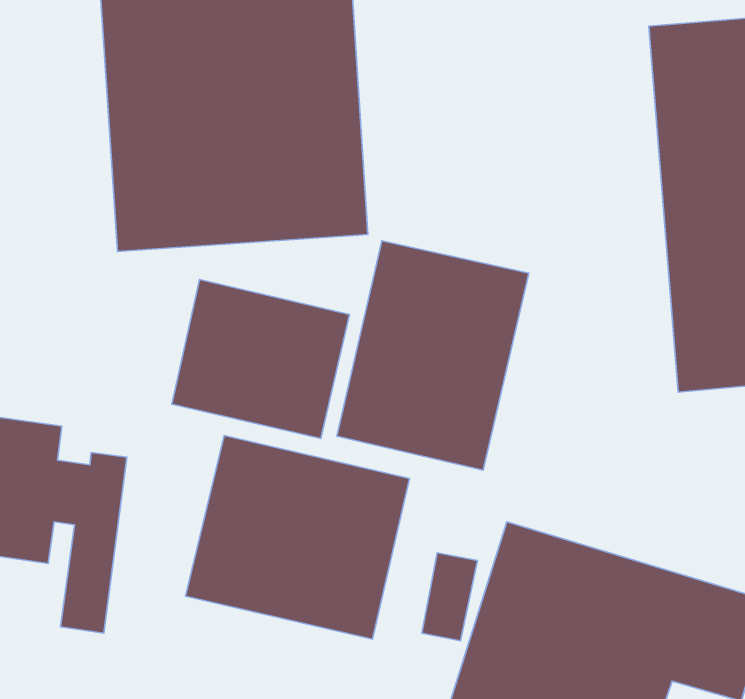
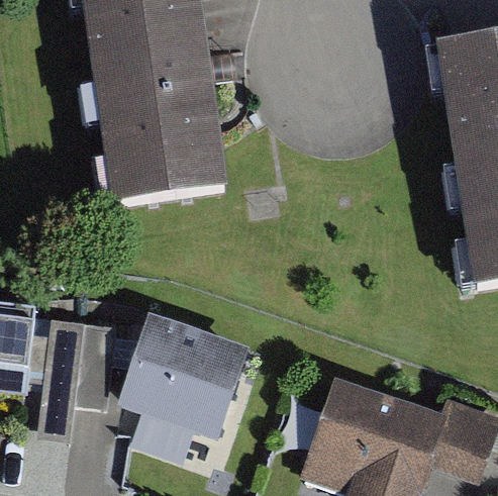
building: [337,241,529,470] -> none
building: [172,280,350,438] -> none

